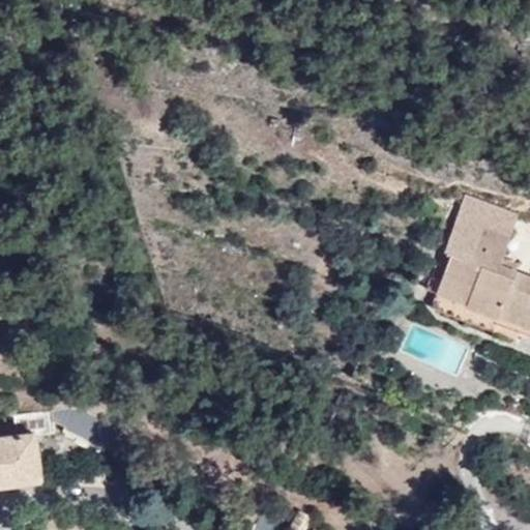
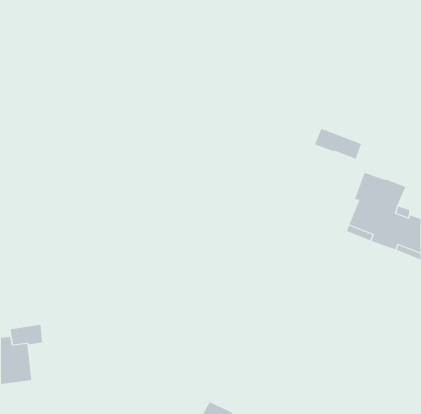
building: [458,204,518,243] -> [314,128,362,159]

